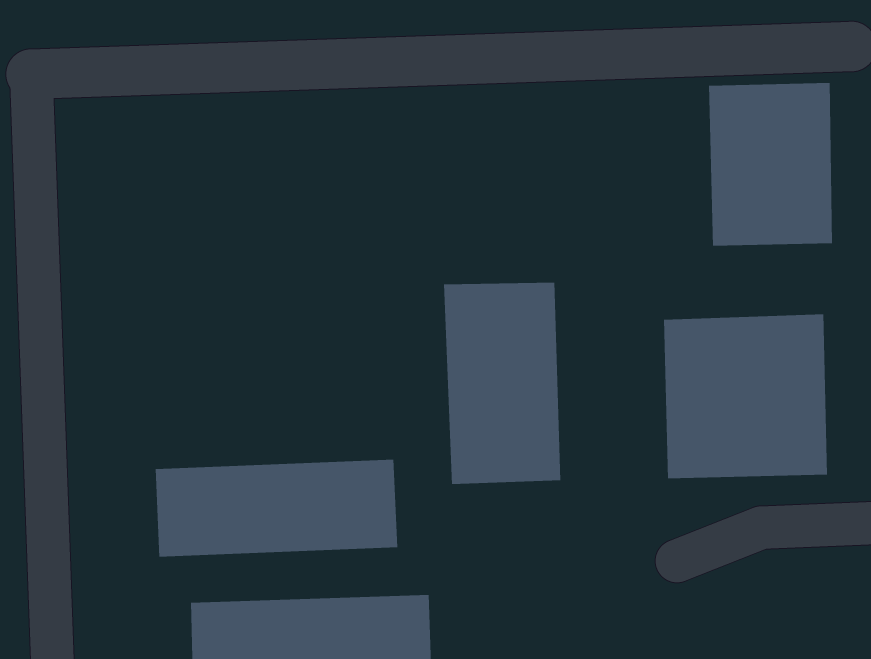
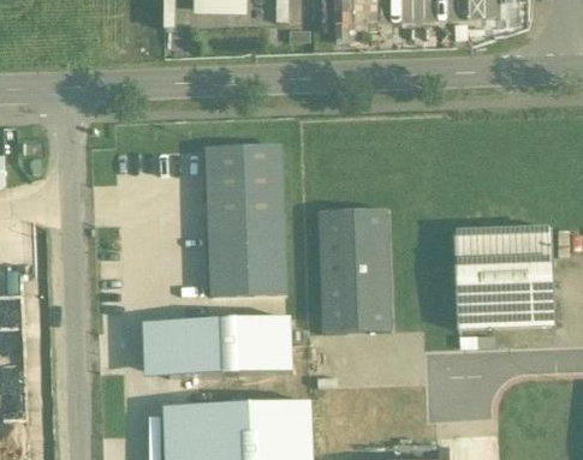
building: [709,82,833,247] -> none
building: none -> [207,145,284,295]

